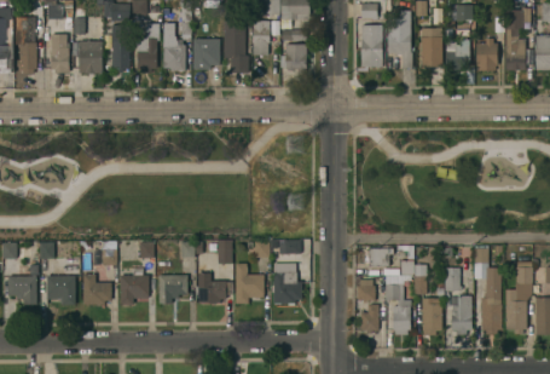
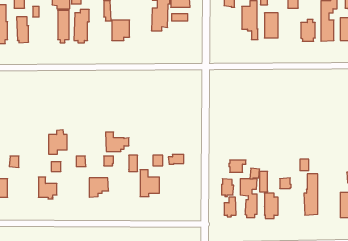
building: [224,15,248,73] -> none
building: [162,22,185,70] -> none
building: [360,24,382,67] -> none
building: [445,38,469,70] -> none
building: [79,41,102,73] -> none
building: [284,44,306,71] -> none
building: [505,261,532,334] -> none
building: [272,264,301,305] -> none
building: [120,267,147,304] -> [49,130,67,154]
building: [197,274,232,303] -> [106,132,129,151]
building: [46,275,74,304] -> none
building: [444,293,471,334] -> none

